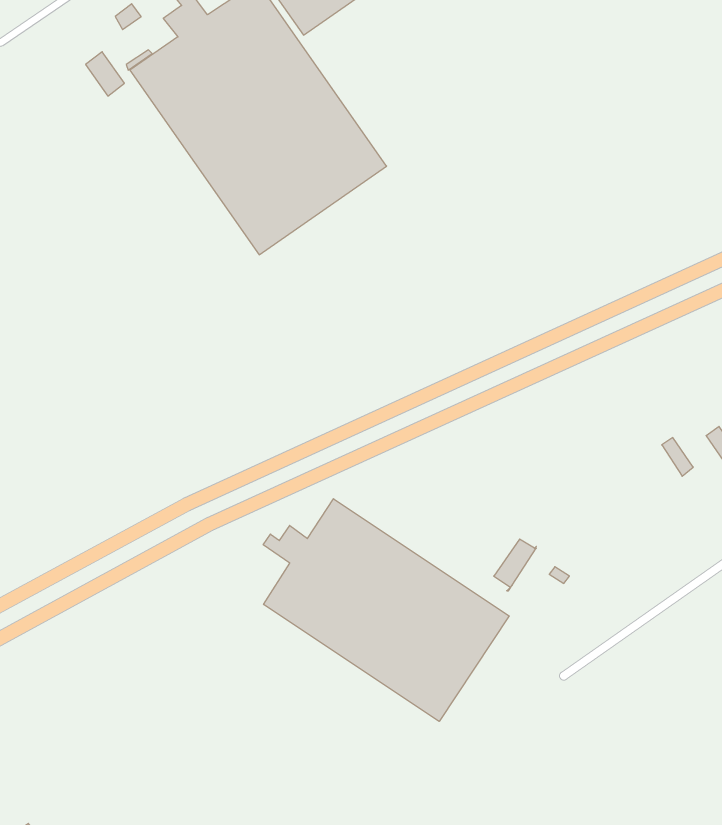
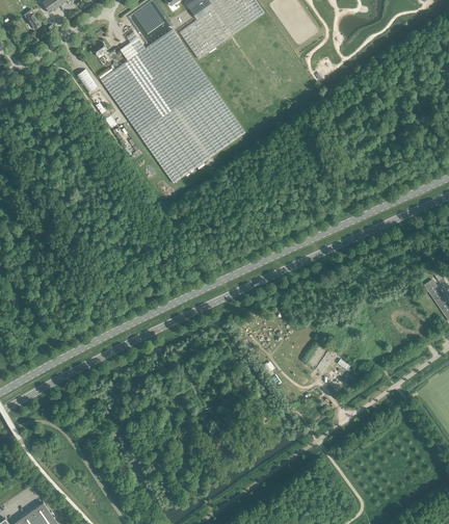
building: [263,499,509,721] -> none

